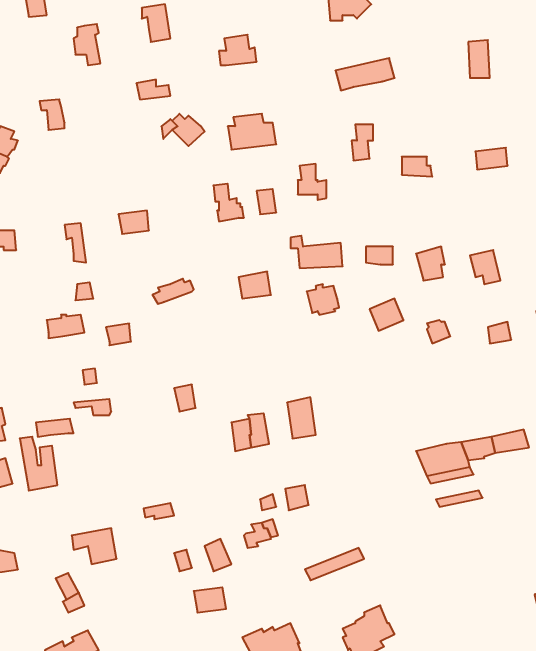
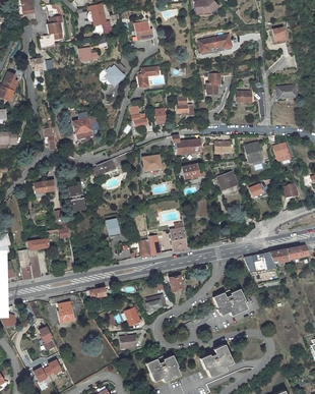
building: none -> [213,291,246,316]

